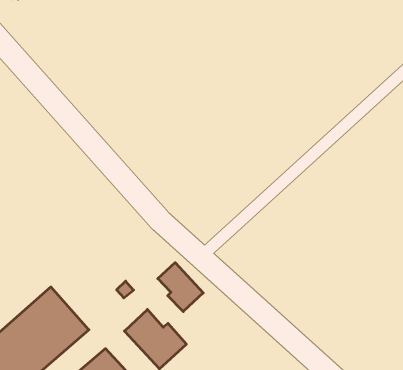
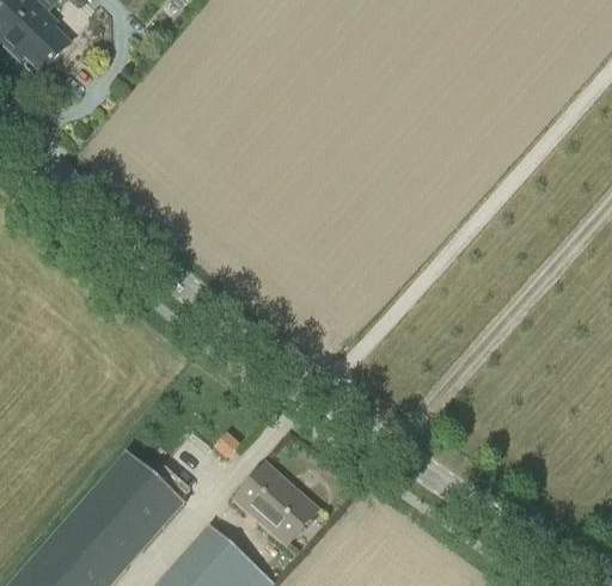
building: [158,263,203,312] -> none

